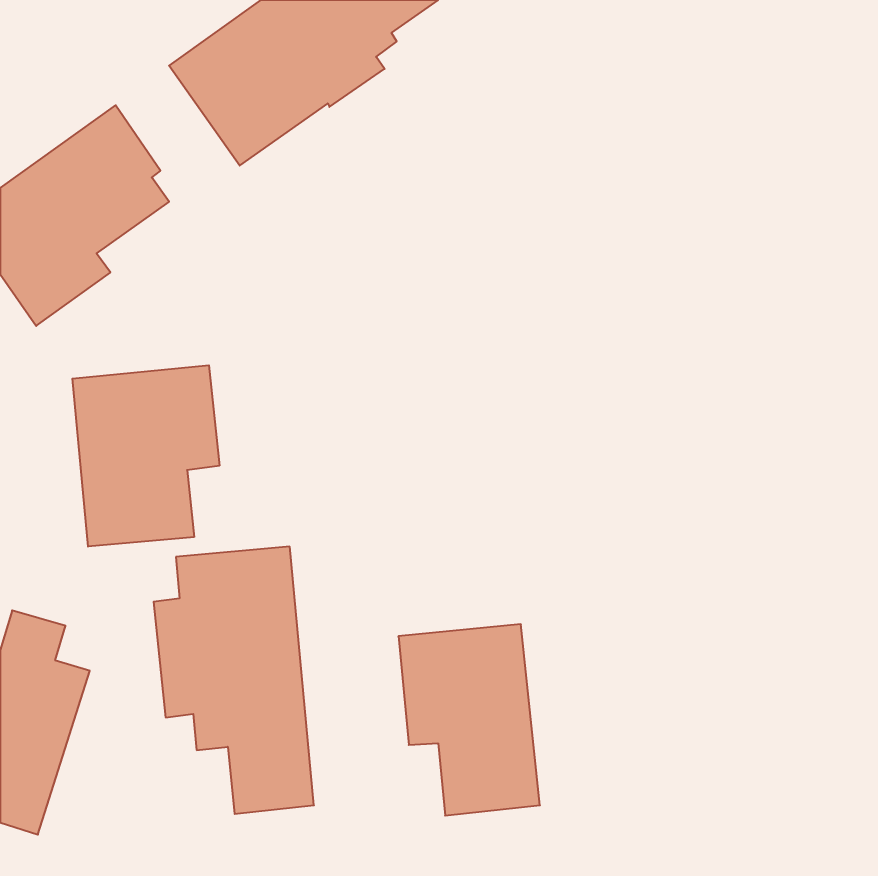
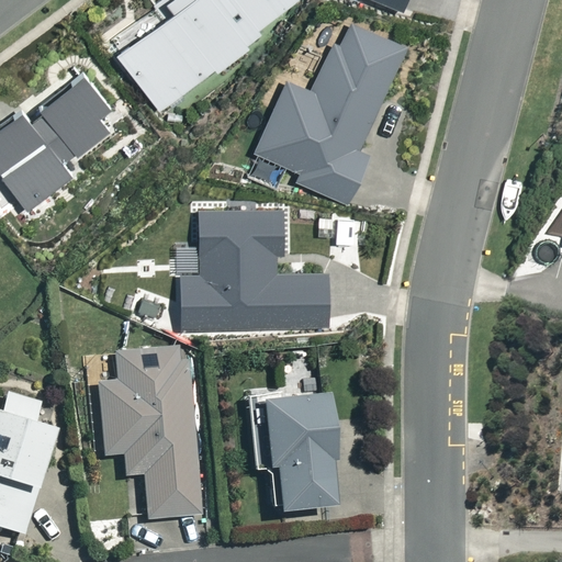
building: none -> [255,22,403,204]
building: none -> [178,209,326,330]
building: [72,365,219,547] -> none

